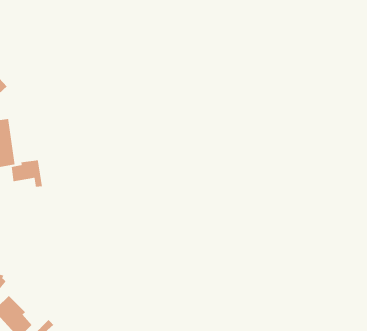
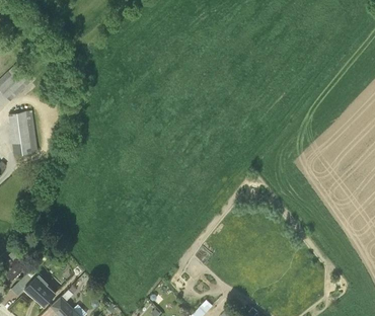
building: [11,159,43,187] -> none

